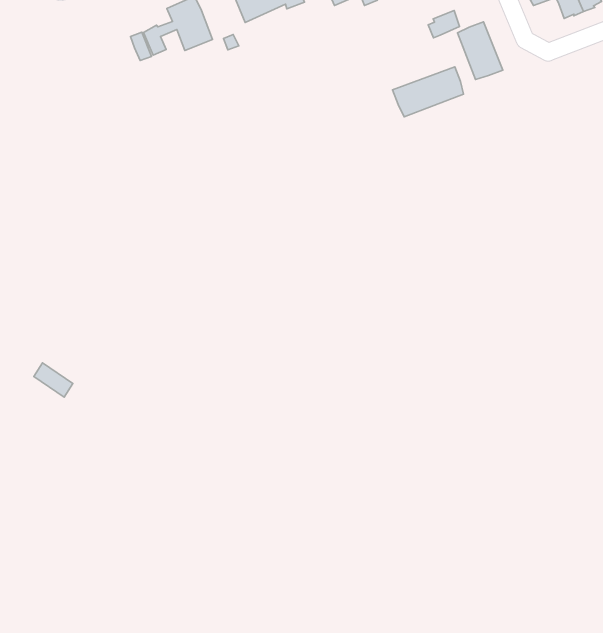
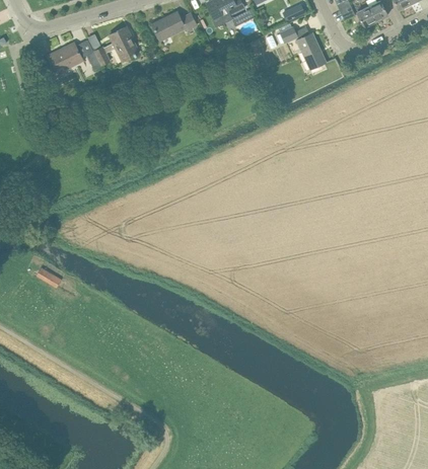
building: none -> [48,43,83,76]
building: [392,67,464,117] -> none

